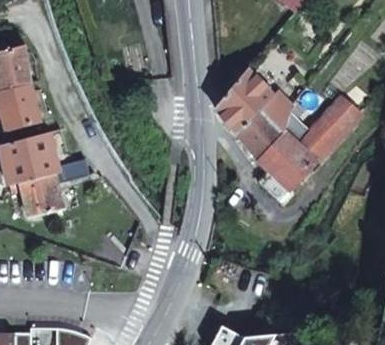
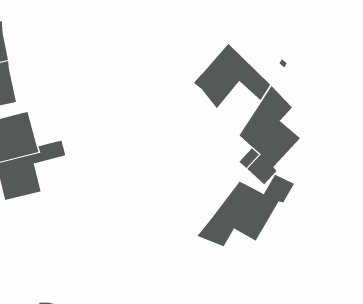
building: [297,94,361,159] -> none
building: [235,104,278,156] -> none
building: none -> [197,174,295,247]

